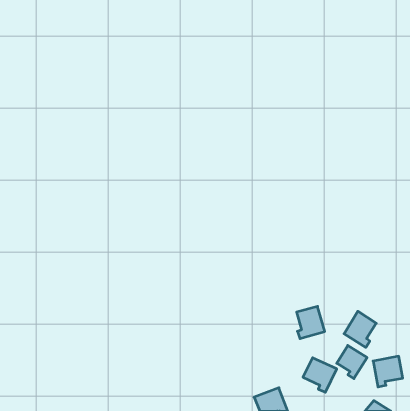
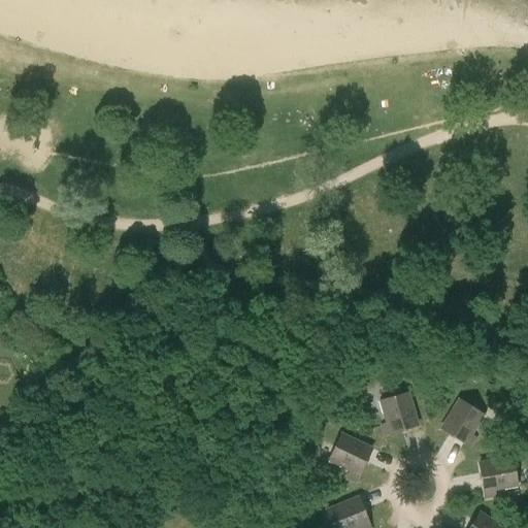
building: [337,345,367,379] -> none
building: [303,358,337,392] -> [329,434,372,478]

